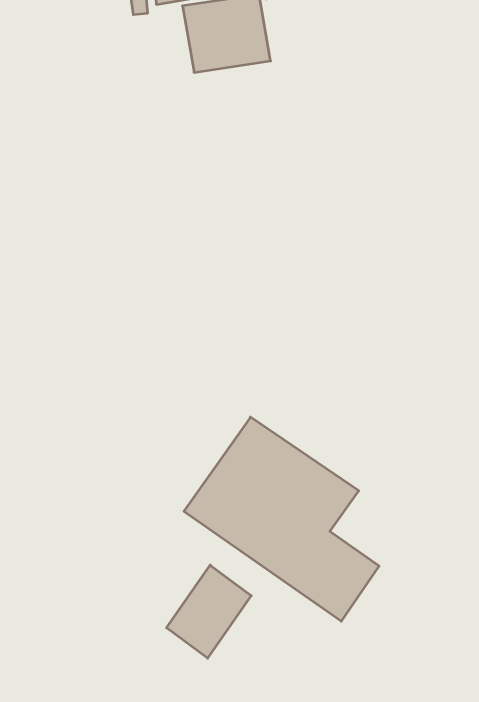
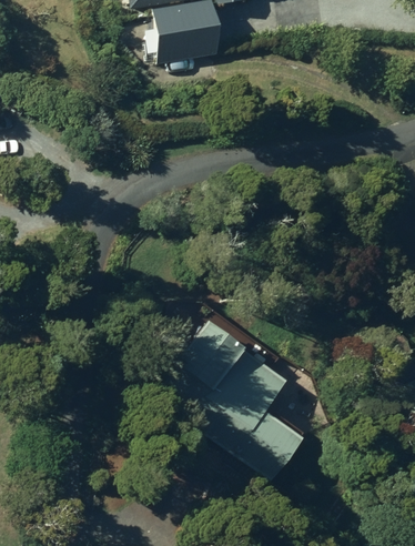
building: [167,565,251,658] -> none

